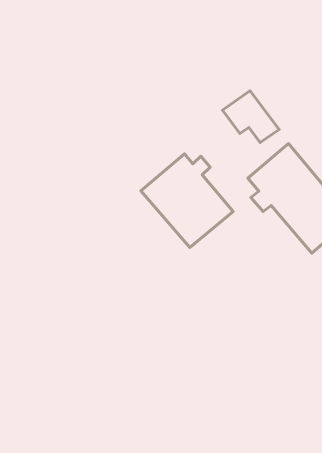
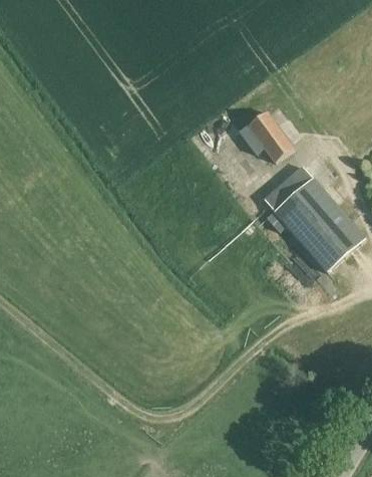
building: [141,154,233,248] -> none

